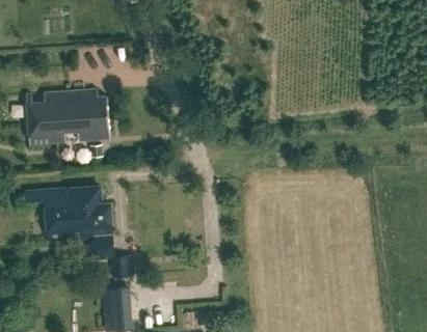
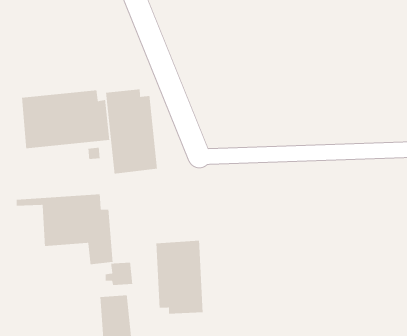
building: none -> [105,89,158,175]
building: none -> [155,240,204,315]

